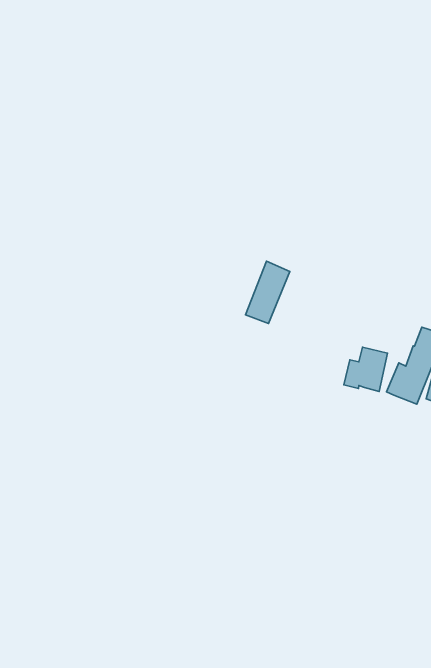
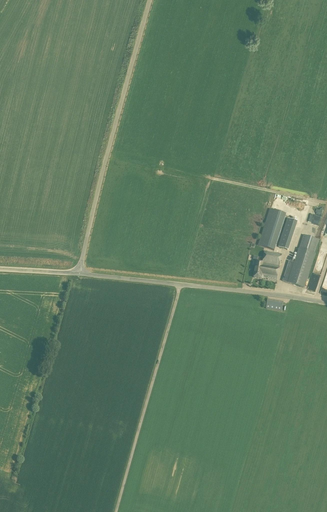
building: [245,261,290,324] -> [258,208,286,250]

